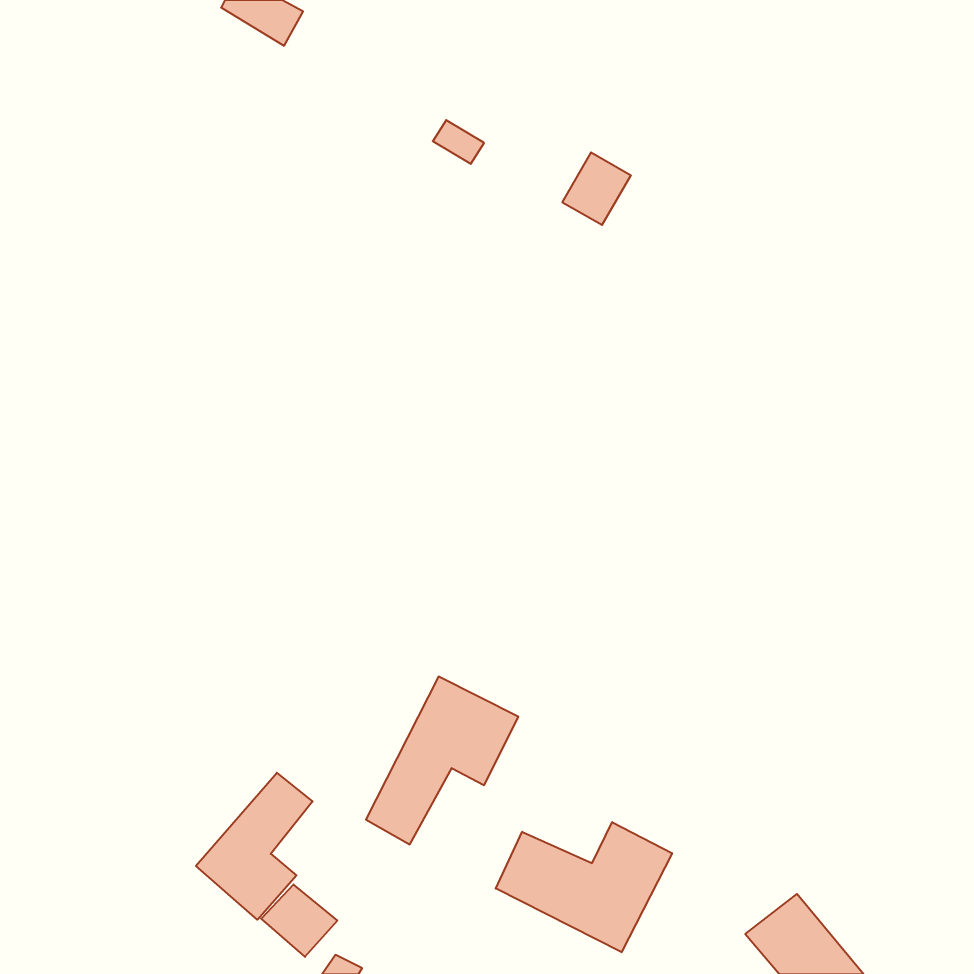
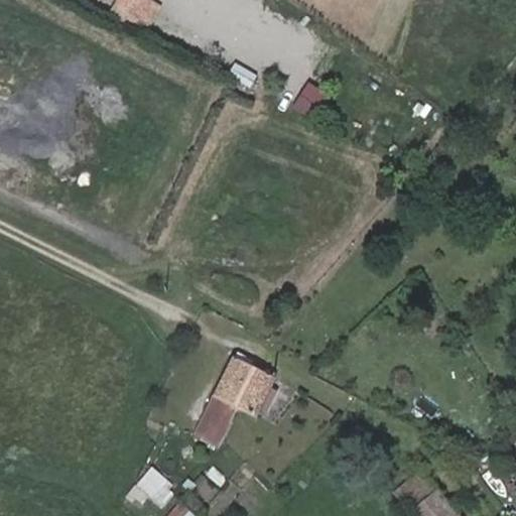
building: [196,773,313,920] -> none
building: [496,822,672,952] -> none

